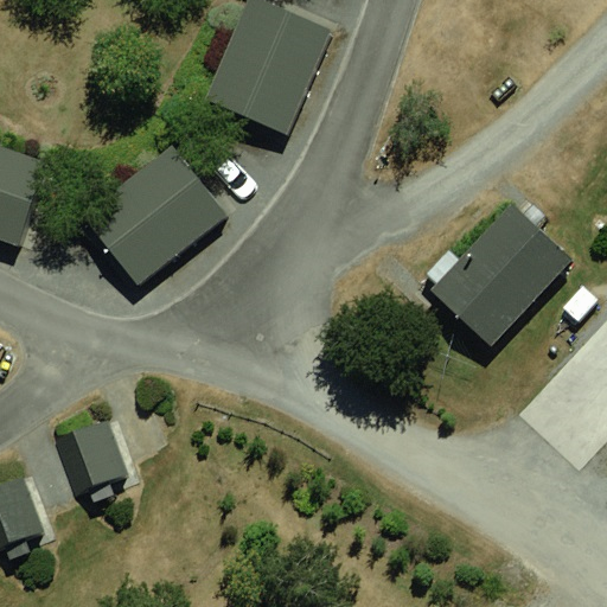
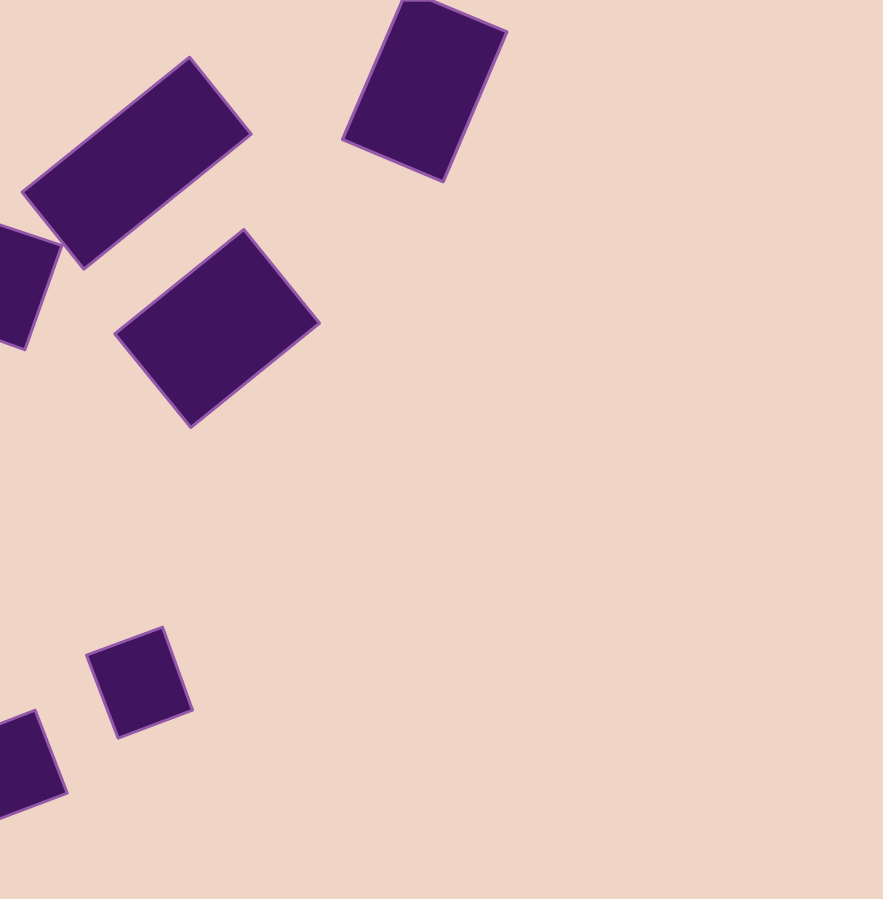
building: none -> [22,57,251,269]
building: [426,202,573,343] -> none

